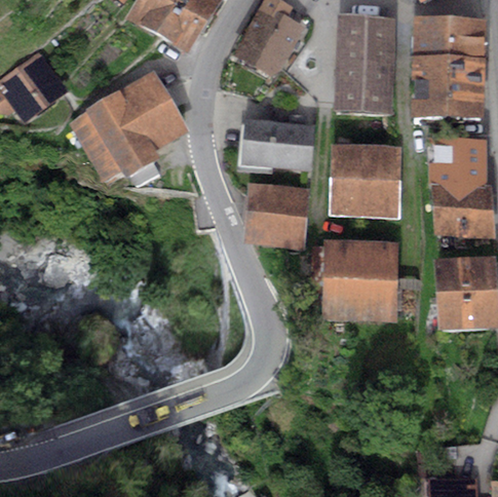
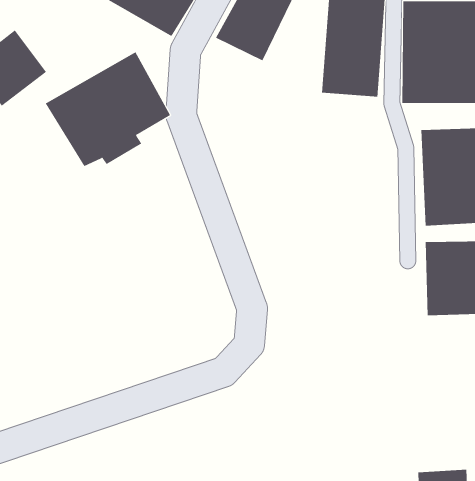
building: [238,119,313,173] -> none
building: [331,145,400,217] -> none
building: [243,182,308,247] -> none
building: [321,240,398,319] -> none

